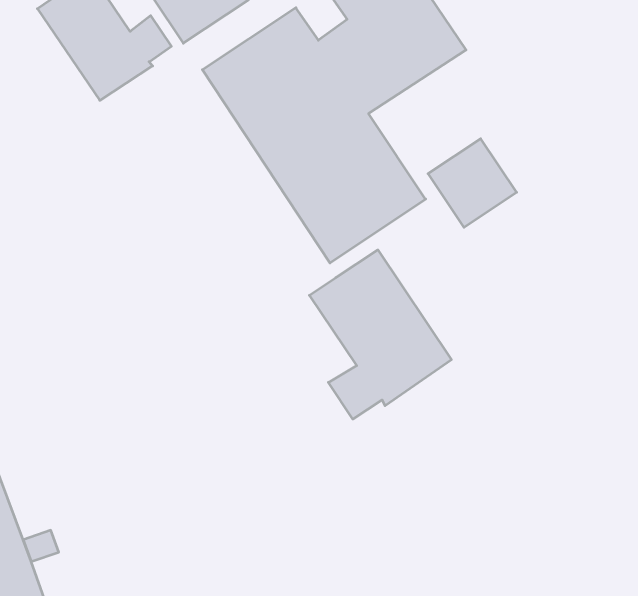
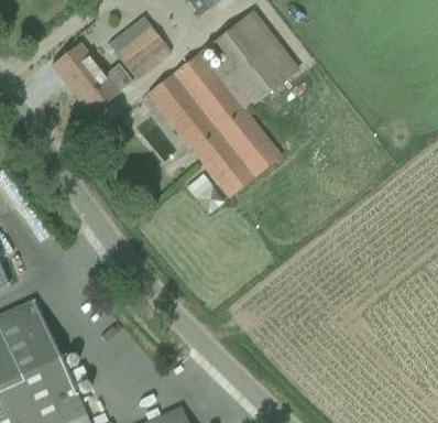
building: [428,139,517,227] -> none
building: [309,250,451,419] -> none

